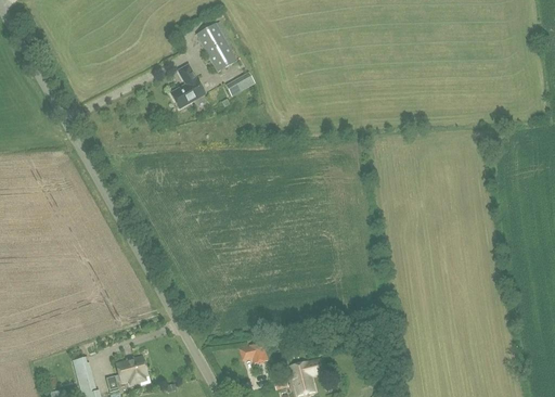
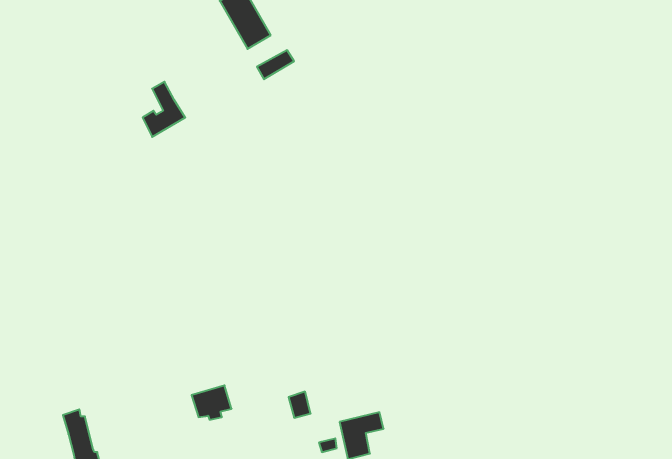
building: [171,64,205,107] -> [143,82,185,137]
building: [116,355,147,382] -> [192,385,232,420]

